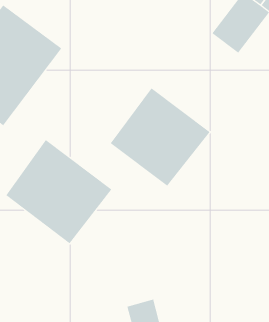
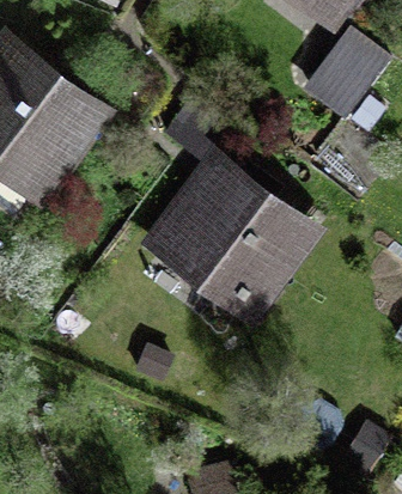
building: [6,139,112,244] -> none

